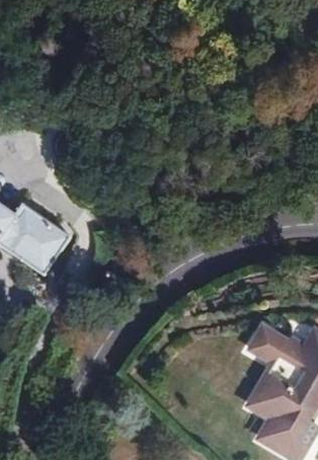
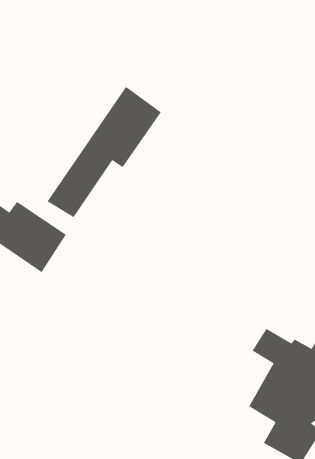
building: none -> [47,86,162,218]

